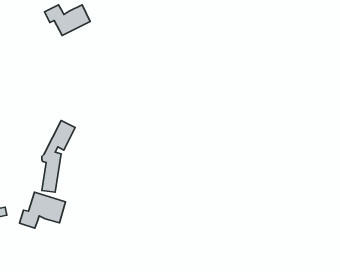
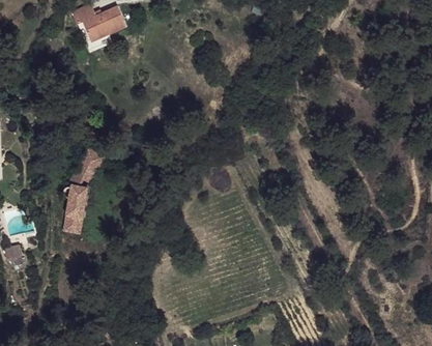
building: [19,192,66,228] -> none

